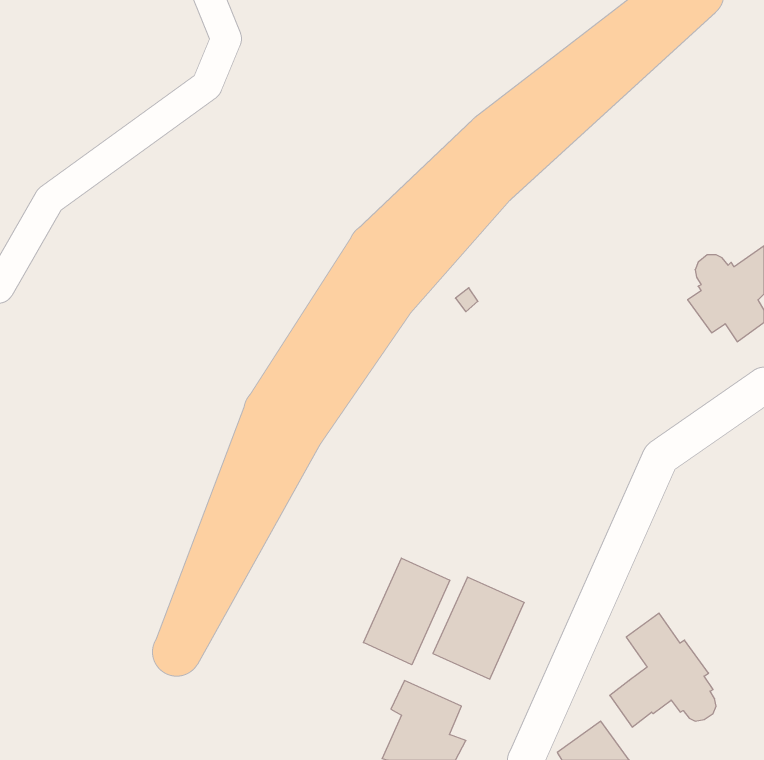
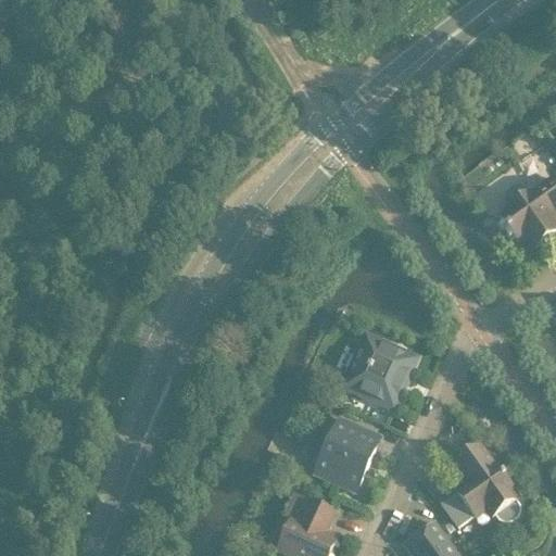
building: none -> [344,337,414,406]
building: [363,558,450,665] -> none

